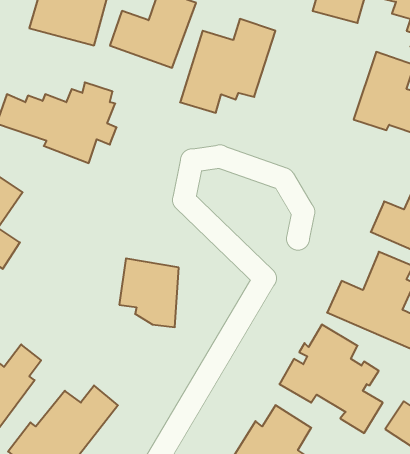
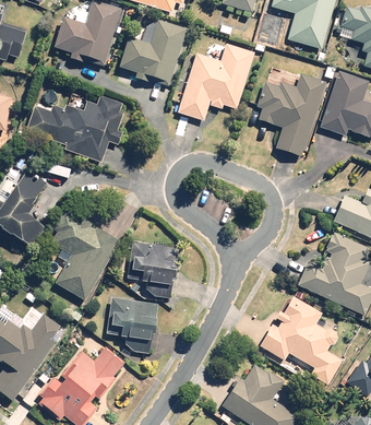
building: none -> [253,72,326,157]
building: none -> [50,210,119,299]
building: none -> [106,296,156,352]

